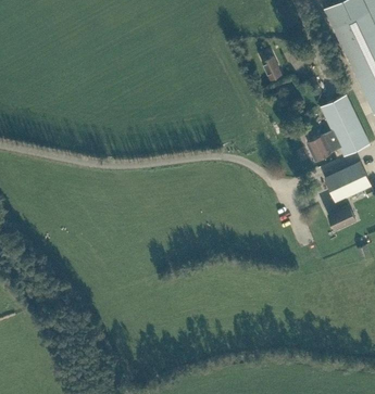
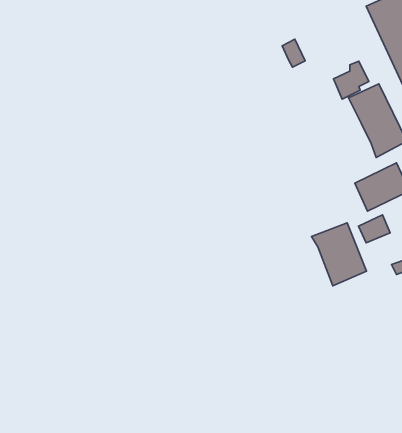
building: [310,127,340,160] -> [333,61,369,99]
building: none -> [312,223,366,286]

